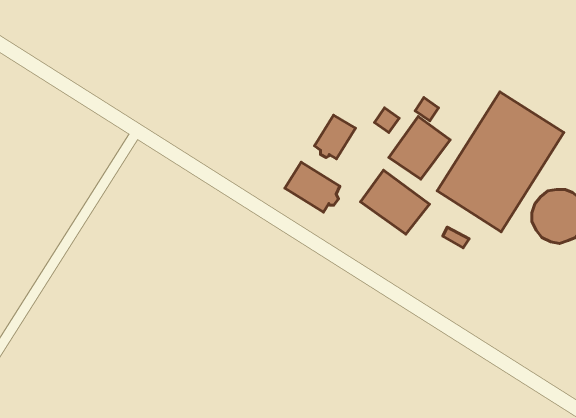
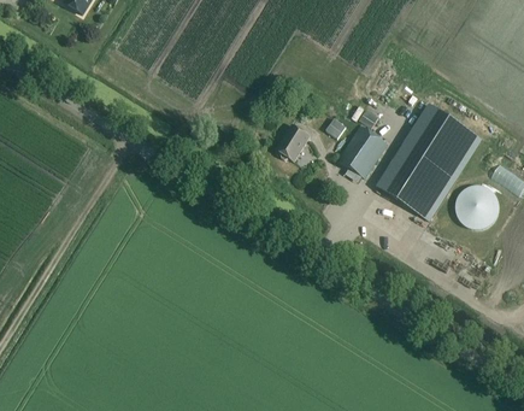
building: [285,162,340,212] -> none
building: [361,170,429,234] -> none

